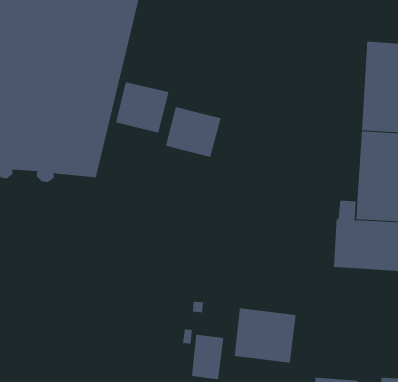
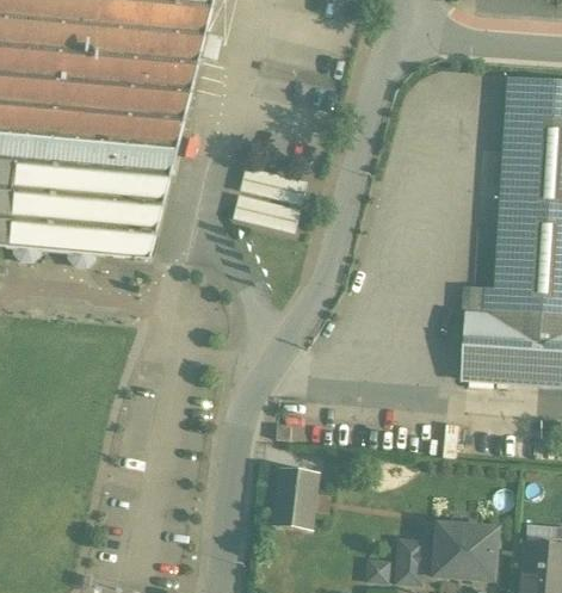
building: [115,81,169,133] -> none
building: [234,307,296,363] -> none

